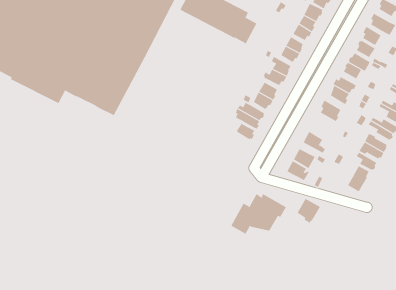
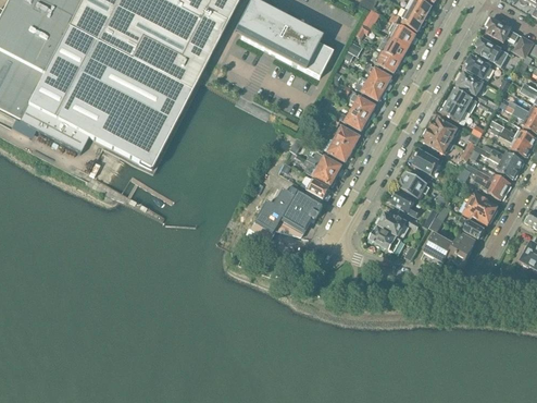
building: none -> [399,170,429,197]
building: [230,193,287,234] -> [251,186,323,239]
building: [297,198,321,224] -> [424,231,454,264]

